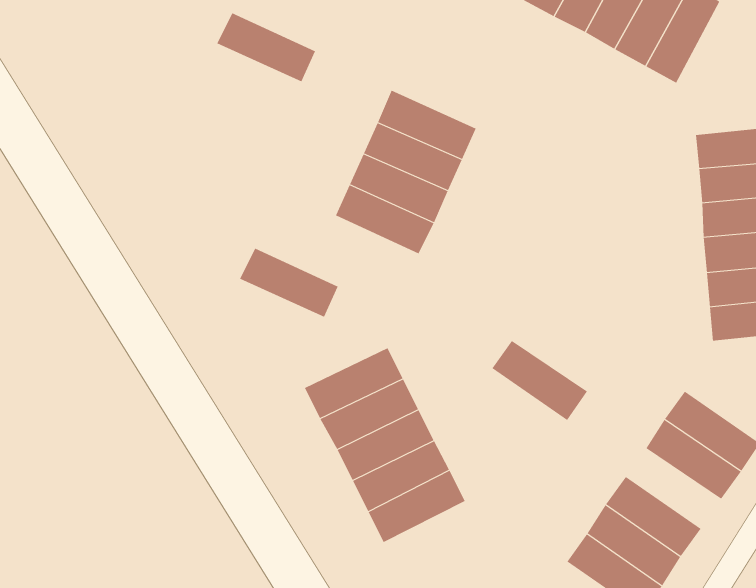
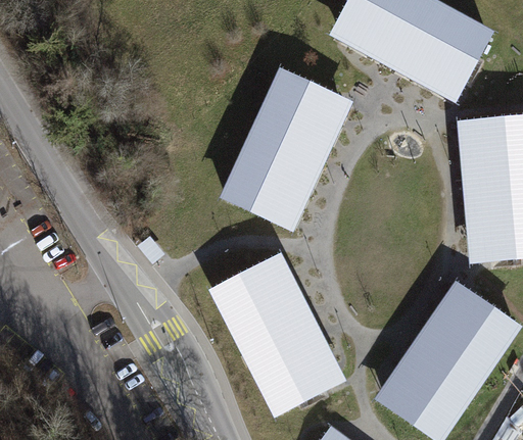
building: [216,12,316,82] -> [271,75,336,120]
building: [239,248,339,318] -> [224,178,289,224]
building: [491,340,588,421] -> [425,331,488,384]
building: none -> [266,365,330,413]

